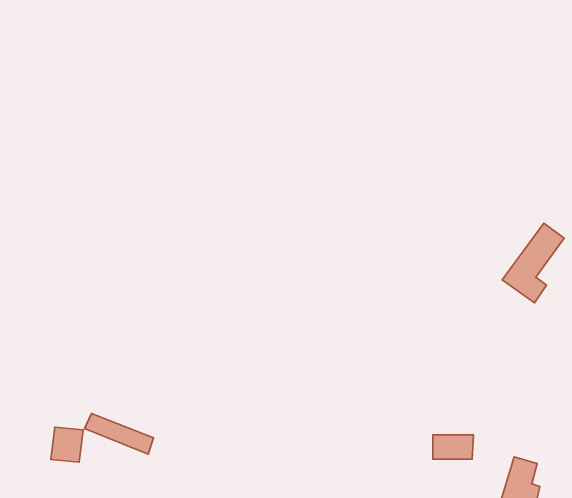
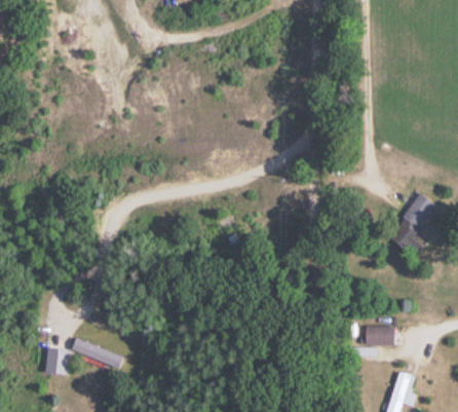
building: [433,435,473,459] -> [365,327,395,345]

